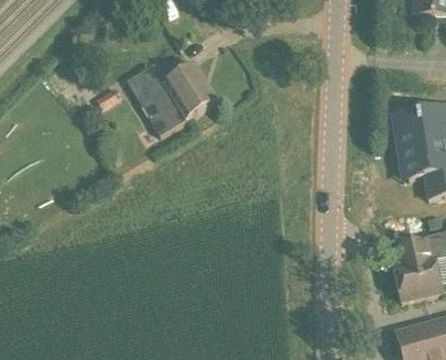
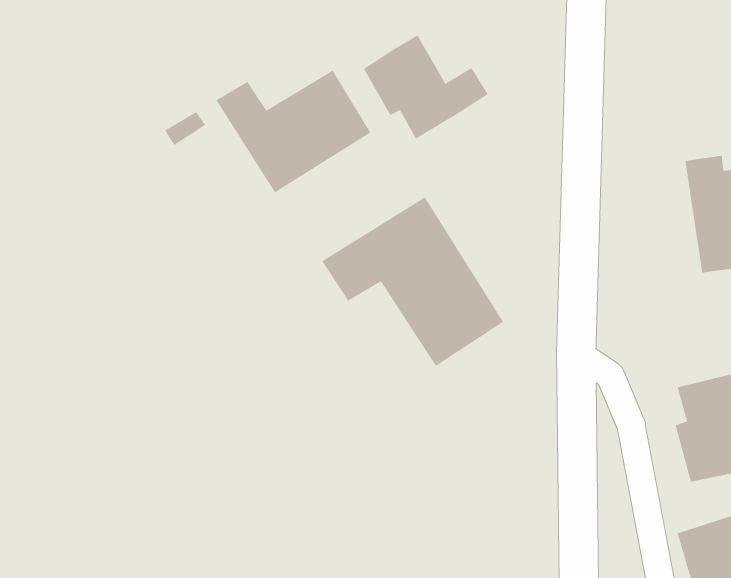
building: none -> [363,35,488,139]
building: none -> [321,197,504,367]

